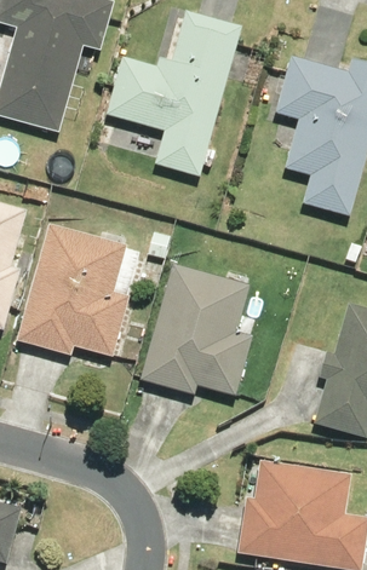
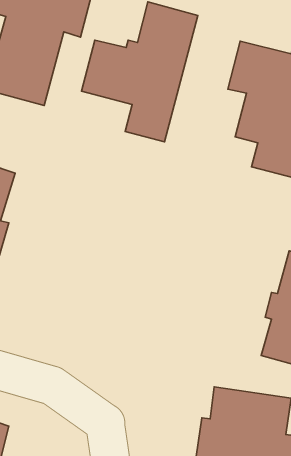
building: [15,220,132,358] -> none
building: [141,261,250,397] -> none

